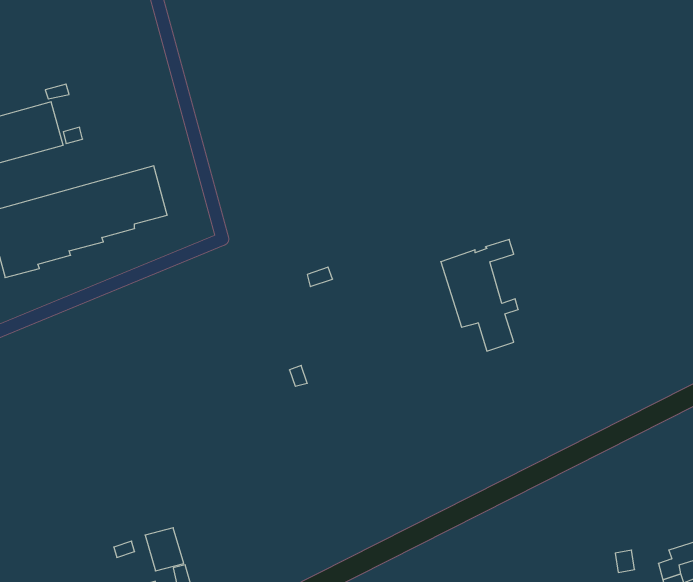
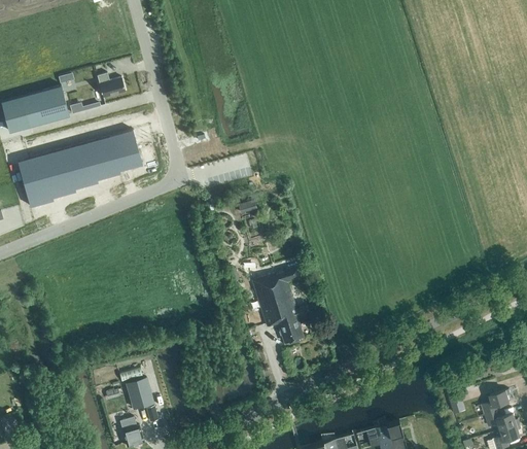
building: none -> [97,74,125,97]
building: [441,239,518,351] -> [252,266,306,343]

